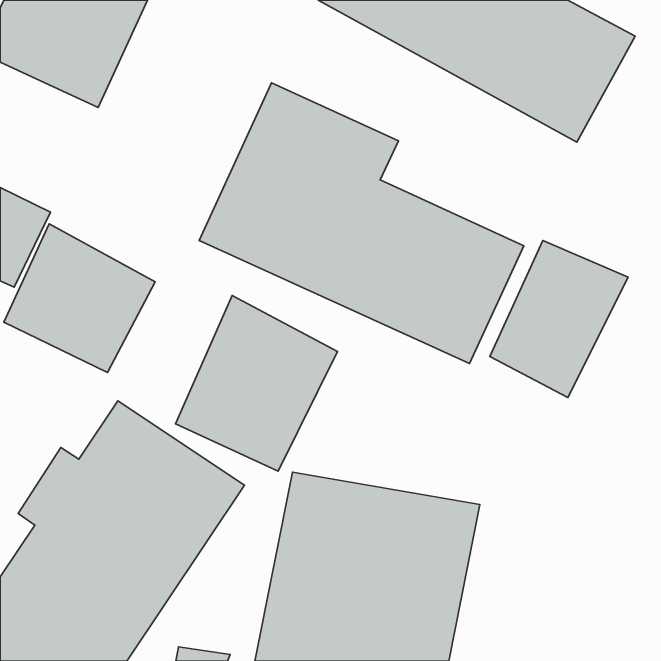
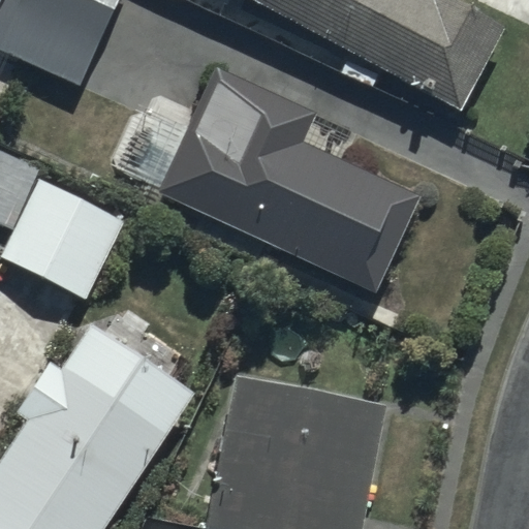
building: [490,241,628,397] -> none
building: [175,296,338,471] -> none

